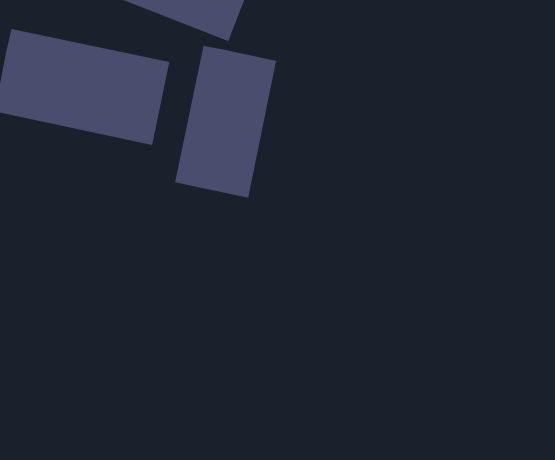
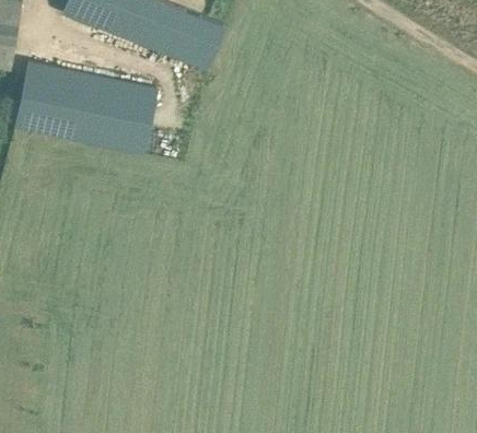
building: [174,45,277,198] -> none

